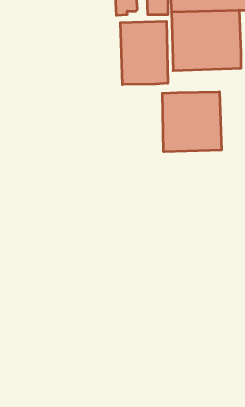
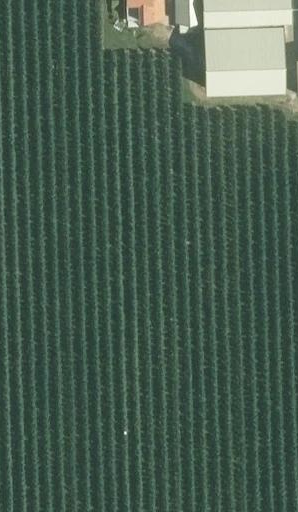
building: [120,21,168,85] -> none
building: [162,92,221,152] -> none

